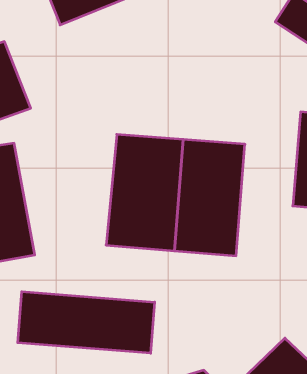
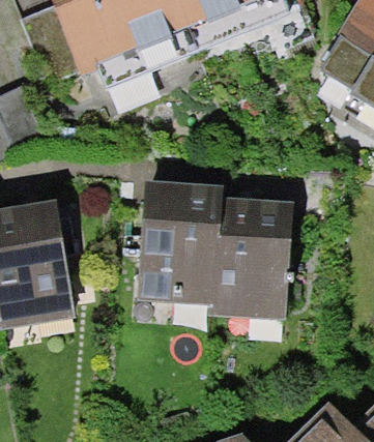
building: [18,292,155,353] -> none

